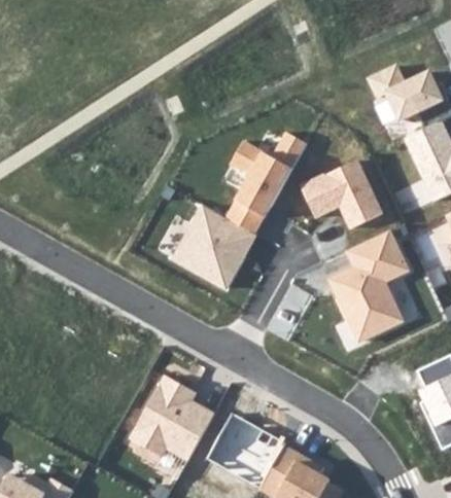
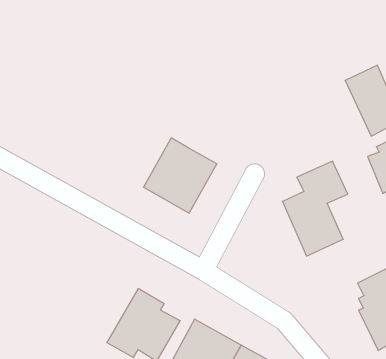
building: [365,62,443,121] -> none
building: [223,131,307,235] -> none
building: [301,157,386,229] -> none

